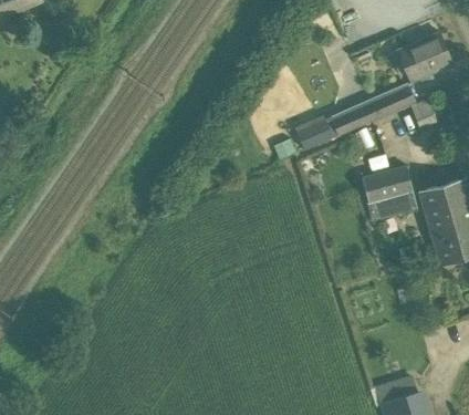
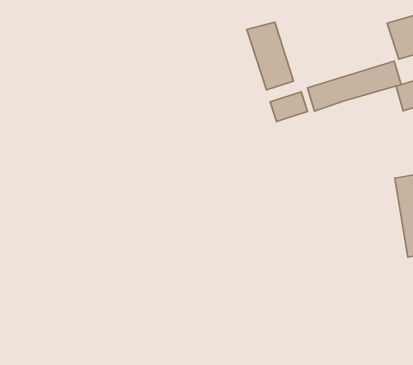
building: none -> [247,22,293,90]
building: [362,167,417,214] -> none

